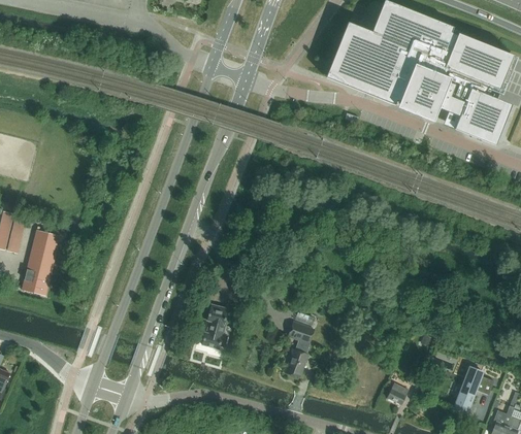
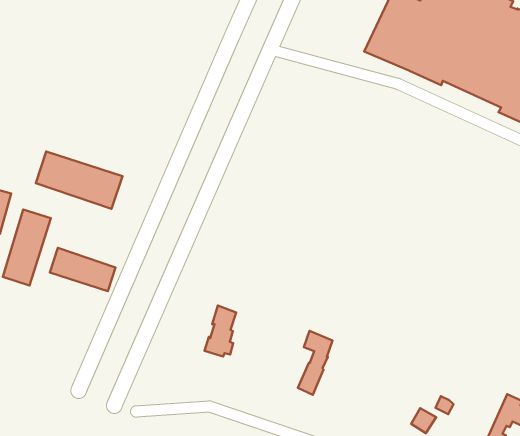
building: none -> [36,152,122,209]
building: none -> [50,248,115,291]

